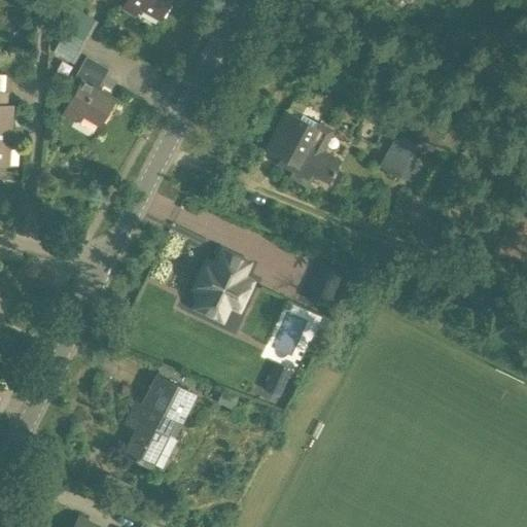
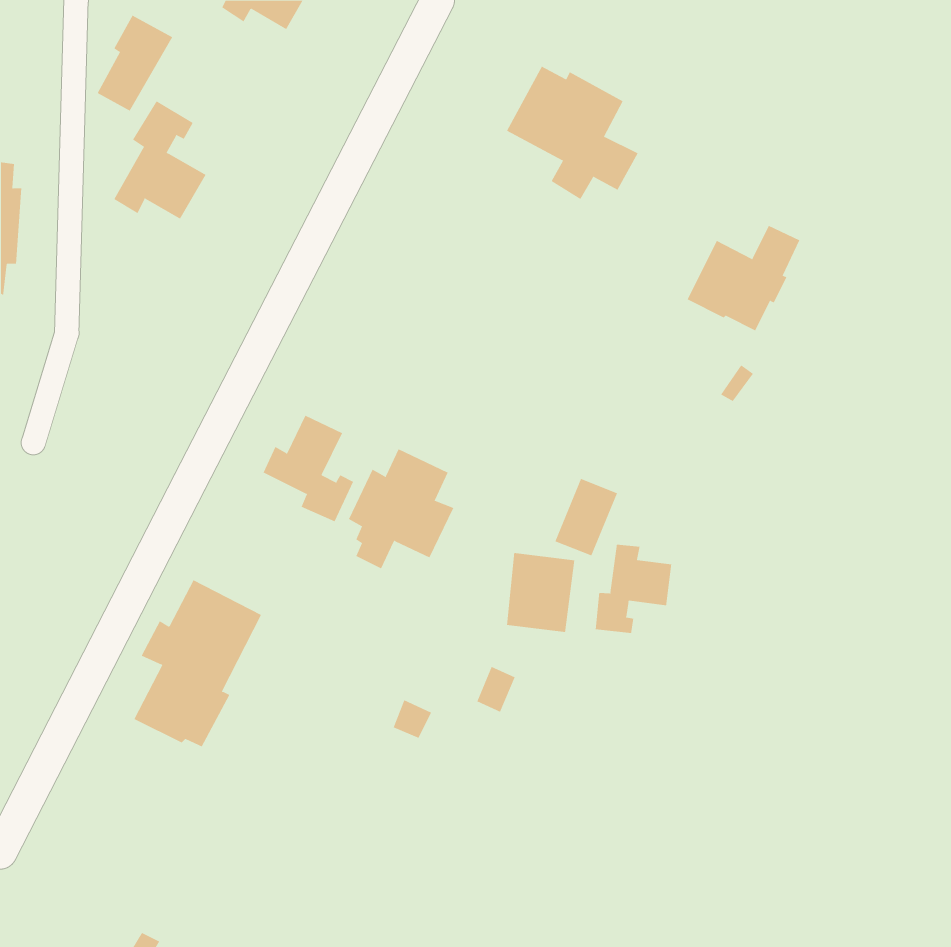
building: [265,113,338,187] -> [506,66,638,200]
building: none -> [263,415,354,522]
building: none -> [595,544,672,634]
building: [122,377,194,469] -> [133,580,262,747]

